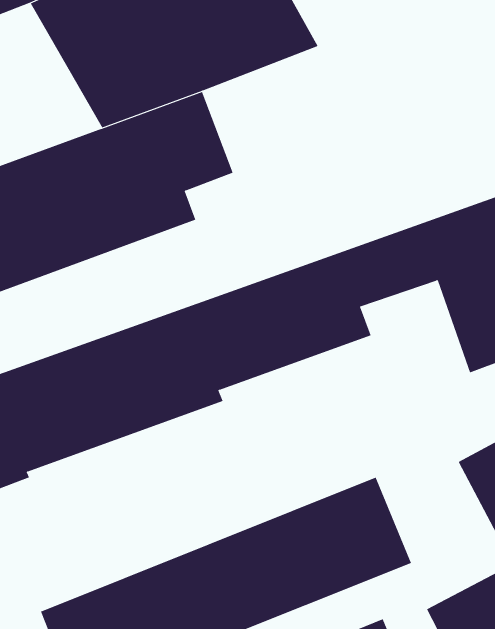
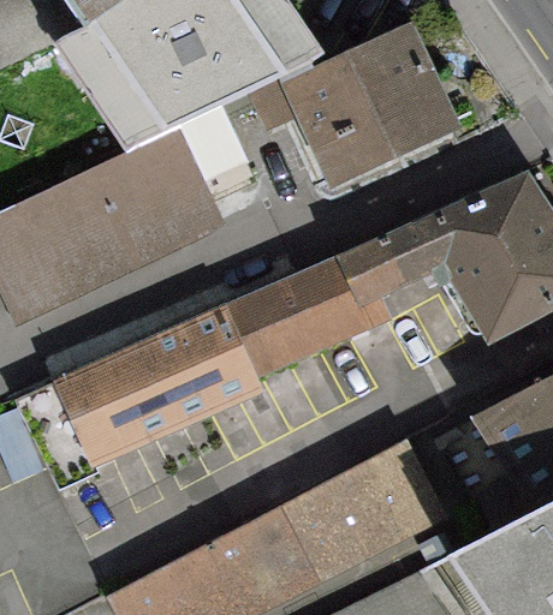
building: none -> [284,23,459,184]

